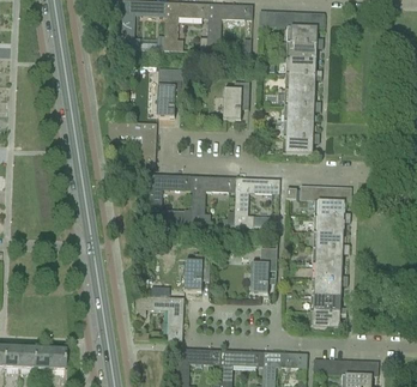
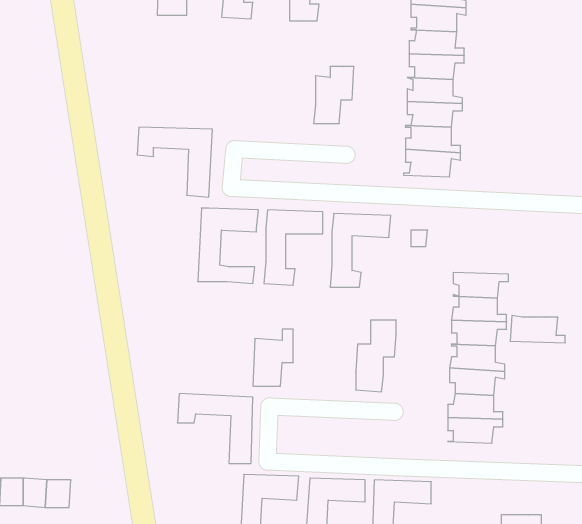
building: [157,67,183,115] -> none
building: [314,198,350,216] -> [510,315,565,343]

